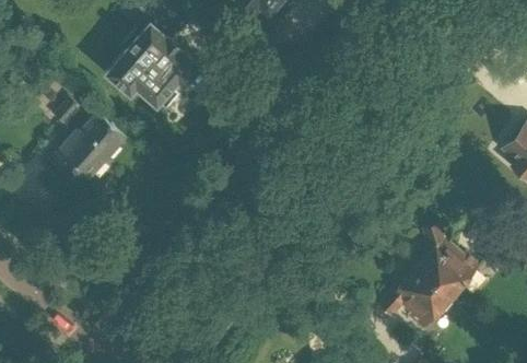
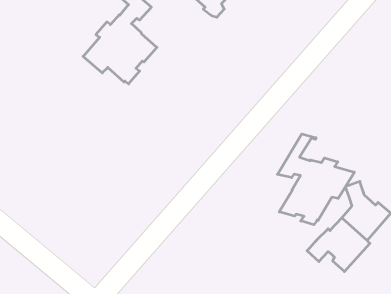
building: [50,101,126,180] -> none
building: none -> [277,134,354,225]

